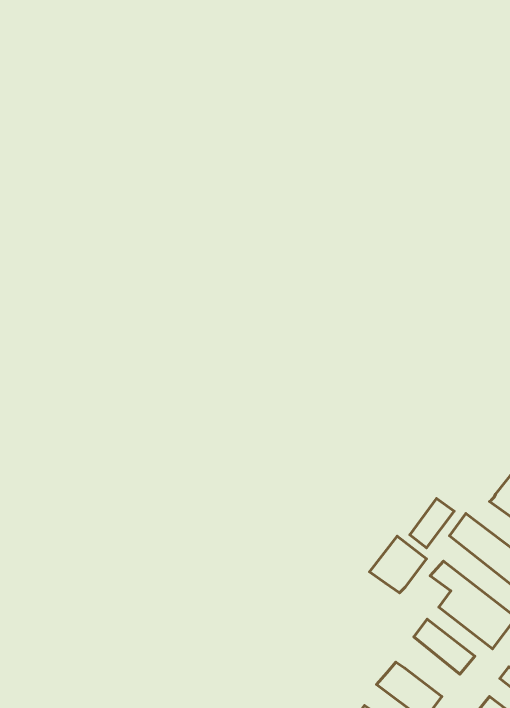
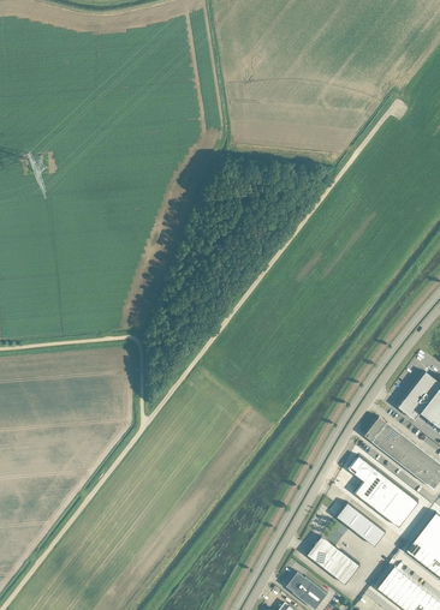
building: [410,499,454,548] -> none
building: [370,536,426,593] -> none

